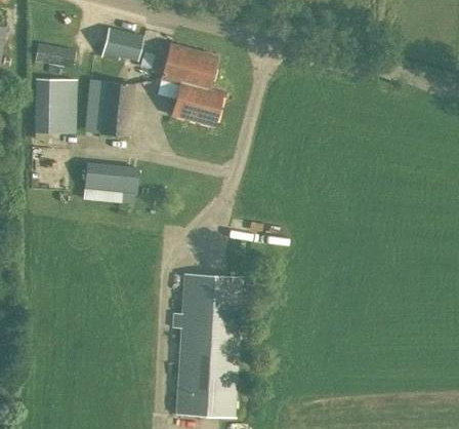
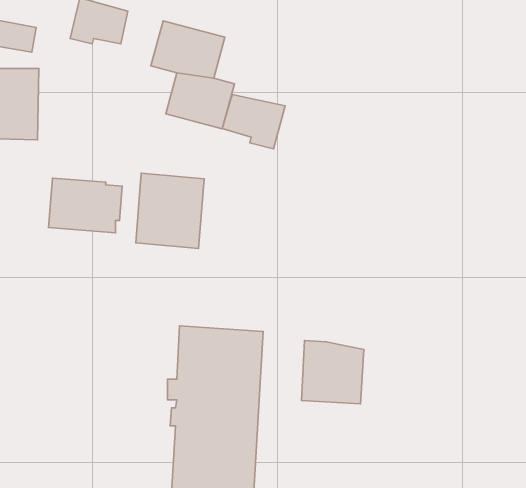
building: [84,80,135,136] -> [136,173,204,248]
building: none -> [222,94,285,149]
building: none -> [301,341,364,404]

